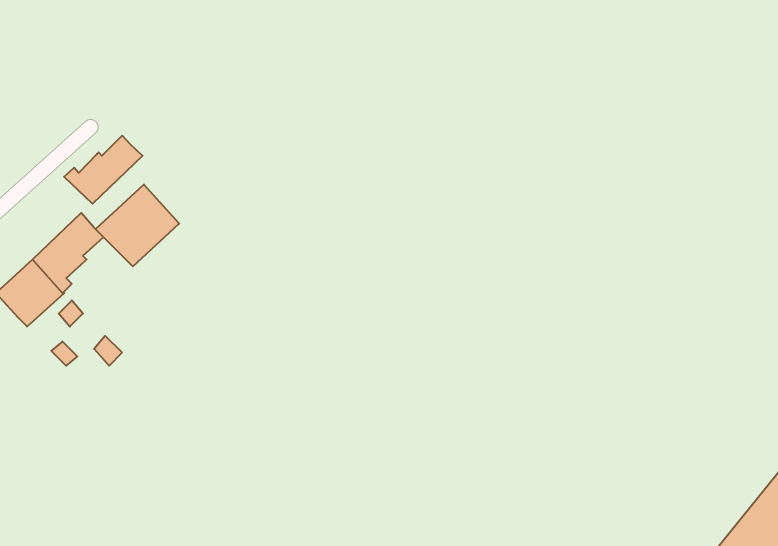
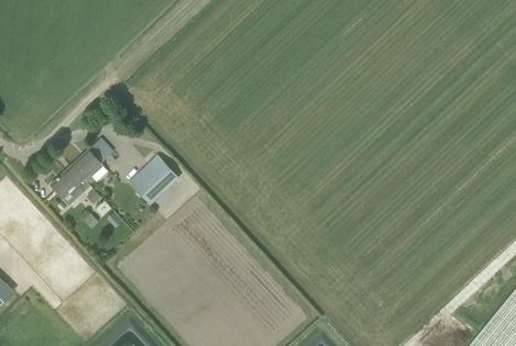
building: [64,136,143,204] -> none
building: [95,184,179,266] -> [129,156,178,204]

